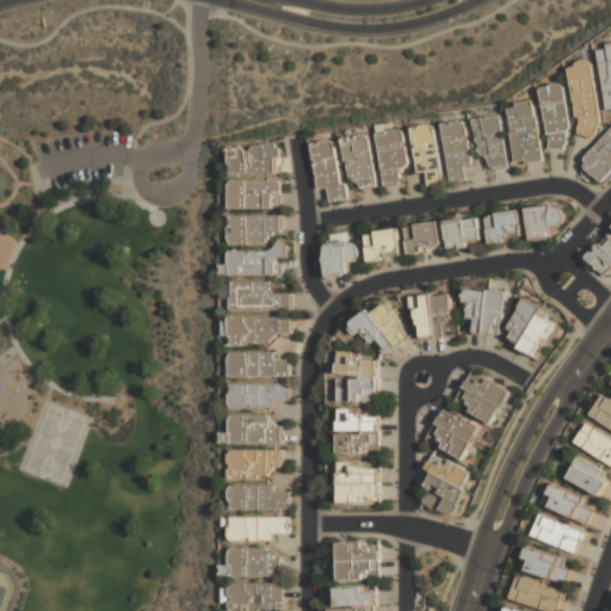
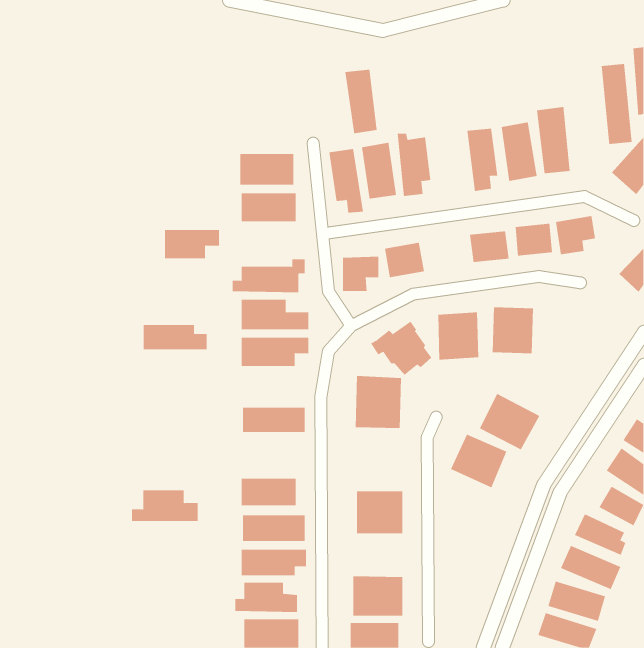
building: [536,84,568,150] -> none
building: [408,124,439,185] -> [345,69,378,134]
building: [227,216,279,243] -> [164,230,220,259]
building: [402,222,439,253] -> none
building: [501,298,550,356] -> none
building: [227,352,288,376] -> [143,325,207,350]
building: [335,409,378,455] -> none
building: [218,414,282,444] -> [131,490,198,522]
building: [418,455,470,517] -> none

